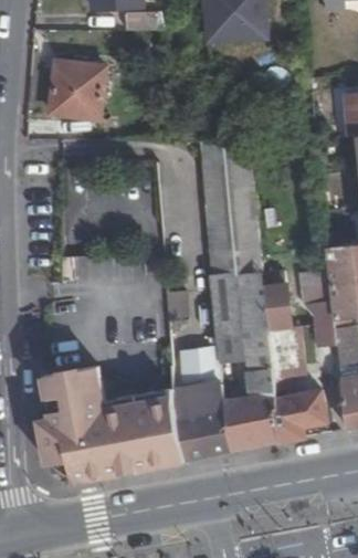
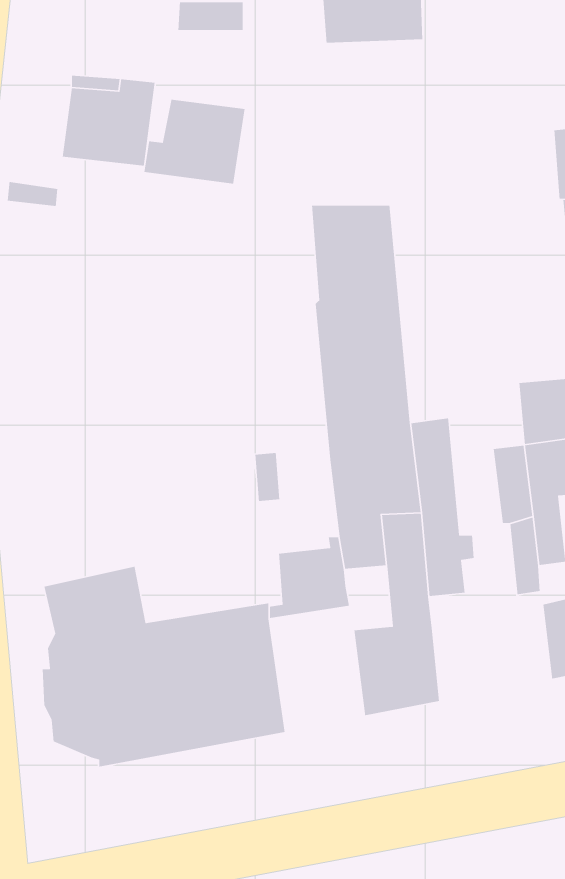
building: none -> [143,99,245,184]
building: [175,379,232,455] -> none
building: [273,386,328,436] -> none

